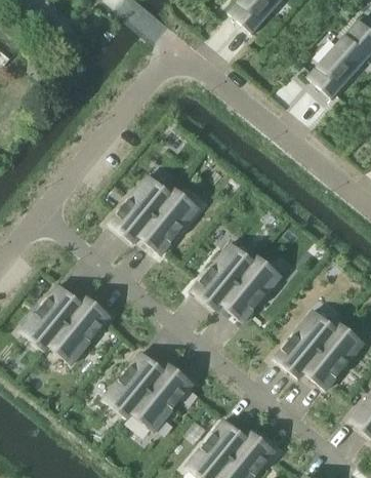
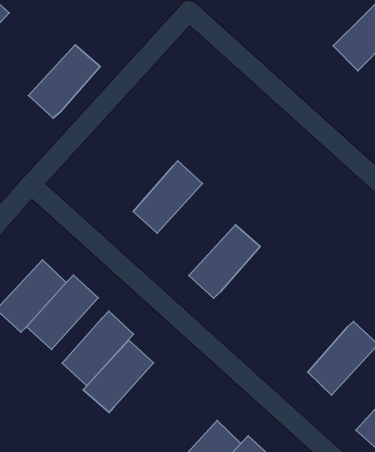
building: [107,172,170,240] -> [29,45,100,118]
building: [219,254,282,321] -> none
building: [273,309,336,377] -> none
building: [128,363,192,432] -> [62,311,134,386]

